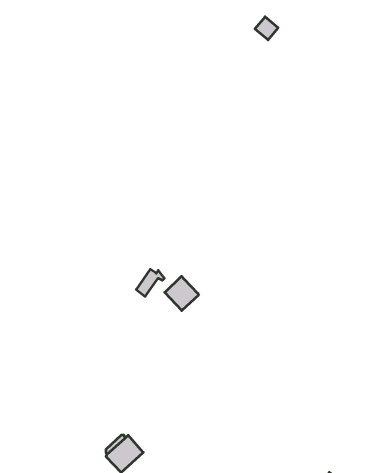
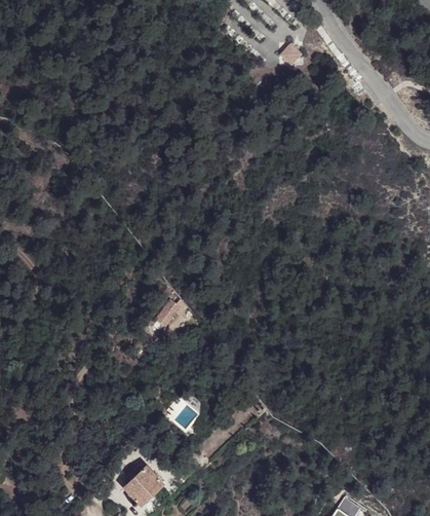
building: [165,276,198,311] -> none

